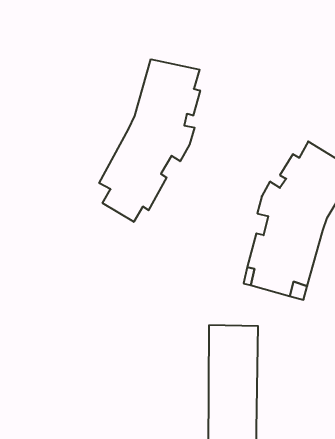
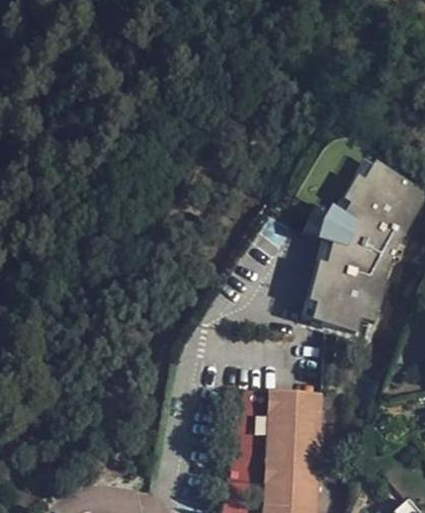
building: [99,59,200,222] -> none

